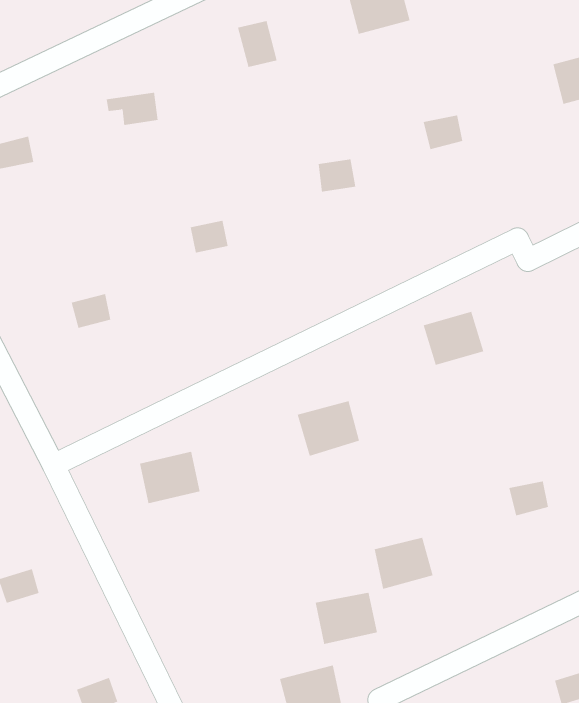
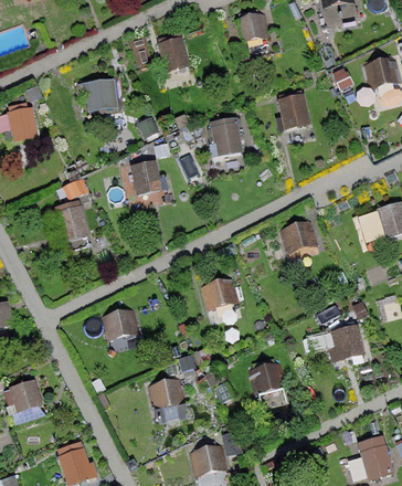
building: [315,592,378,645] -> [147,378,187,411]

